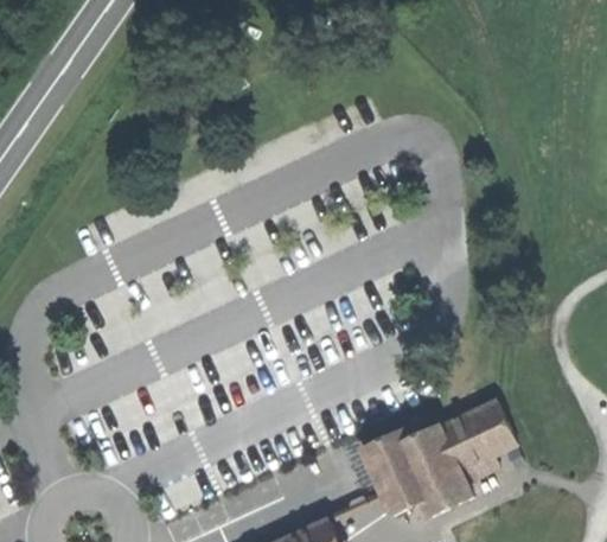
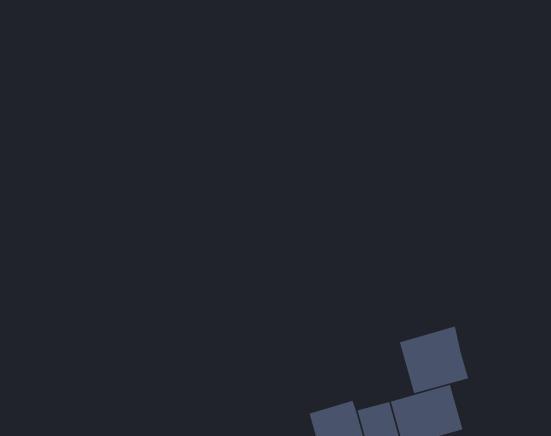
building: none -> [399,326,469,394]

